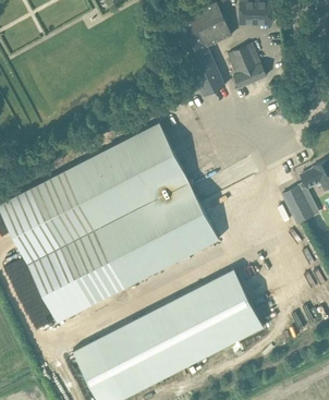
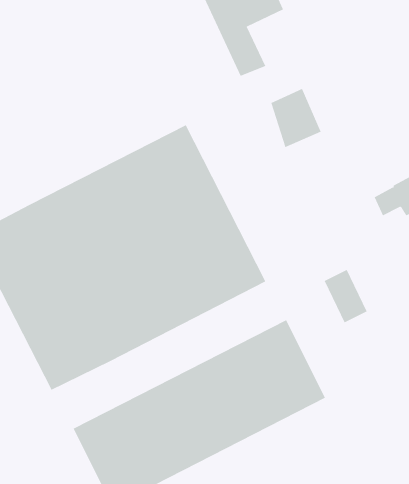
building: [228,44,266,88] -> [270,88,321,148]
building: [281,185,314,226] -> [324,269,367,323]

